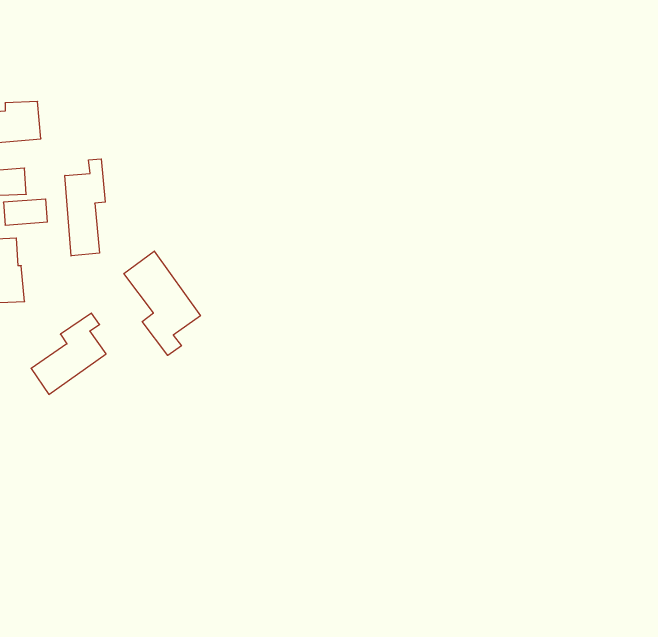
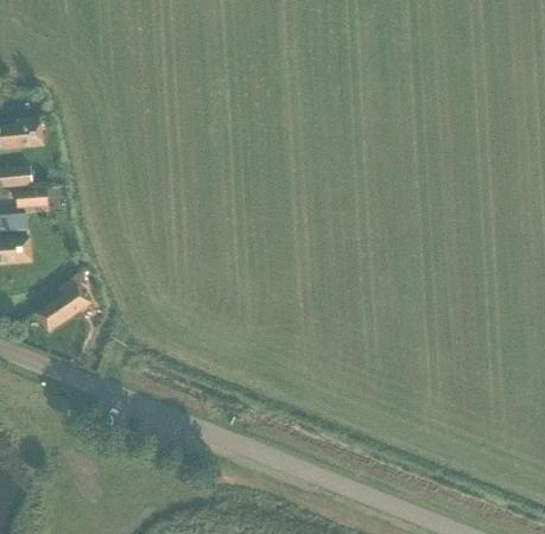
building: [65,159,105,256] -> none
building: [124,251,200,355] -> none

